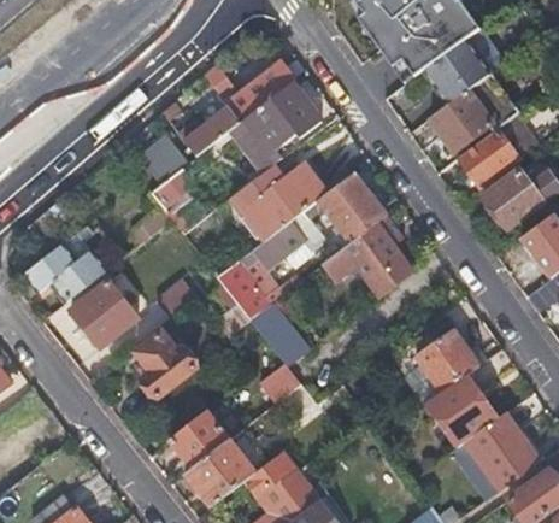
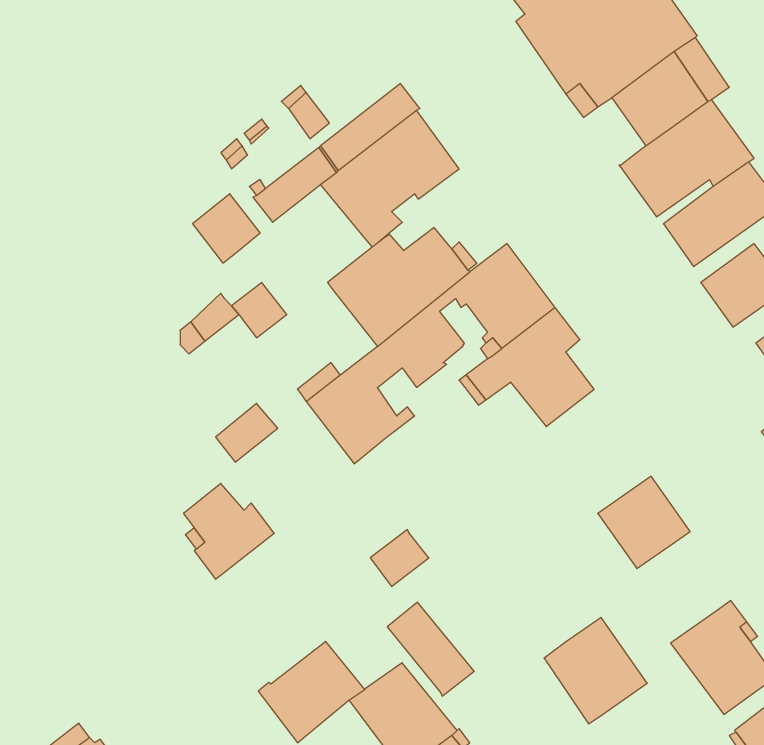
building: [24,225,106,301] -> none
building: [71,280,137,347] -> none
building: [249,302,308,366] -> [387,602,474,696]
building: [426,374,496,446] -> [544,617,647,724]
building: [169,410,230,469] -> none

